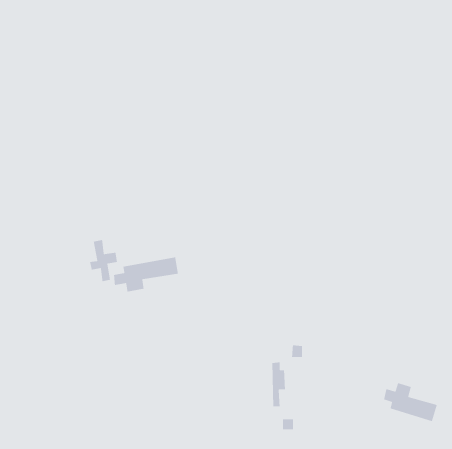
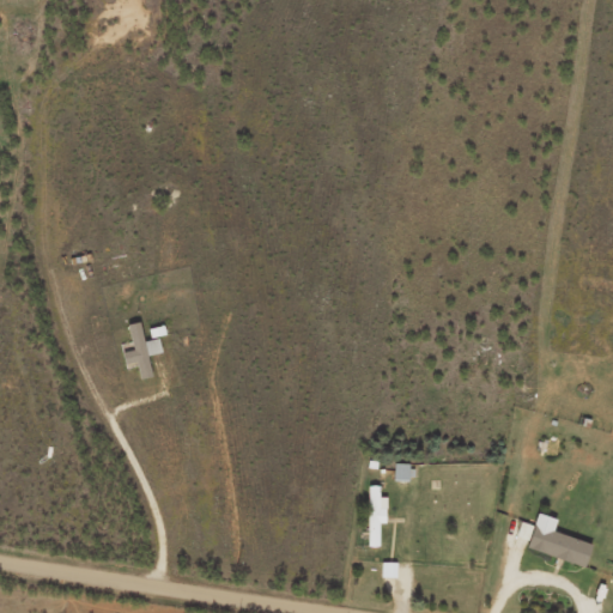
building: [113,257,179,293] -> none

